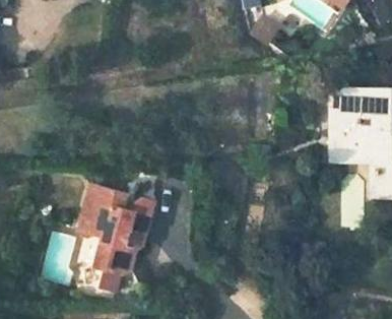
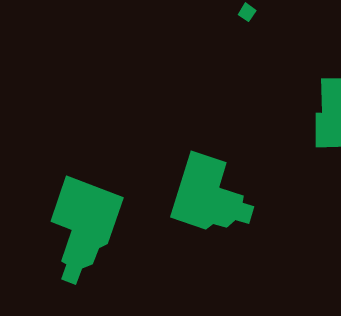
building: none -> [169,149,255,230]

